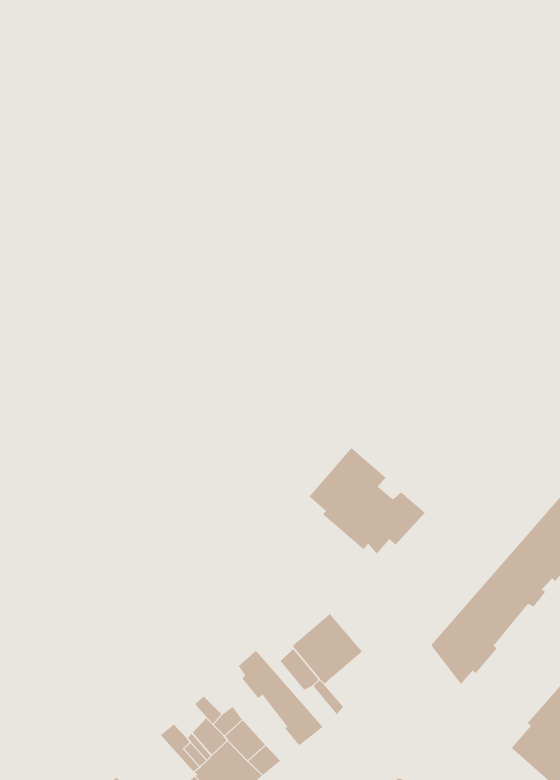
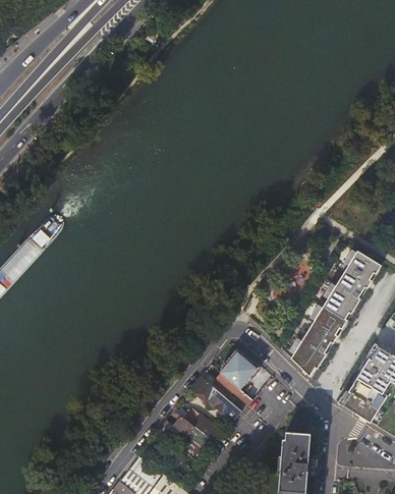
building: [309,447,426,554] -> none

